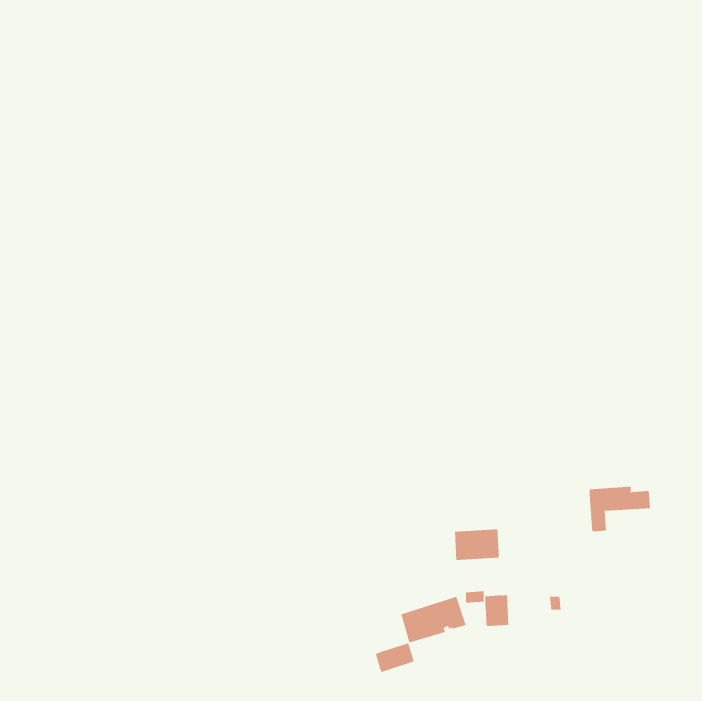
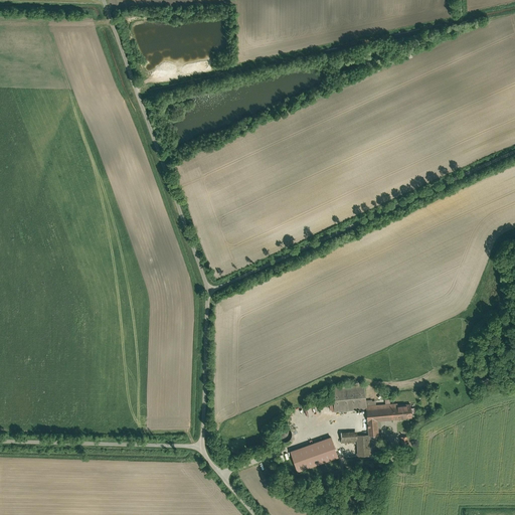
building: [589,486,651,532] -> [365,403,410,437]
building: [375,643,415,673] -> none

